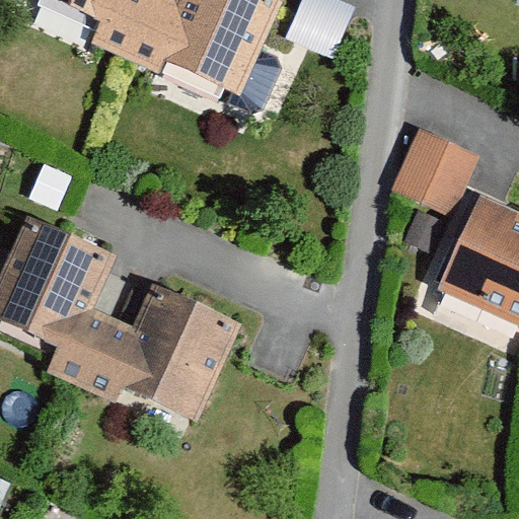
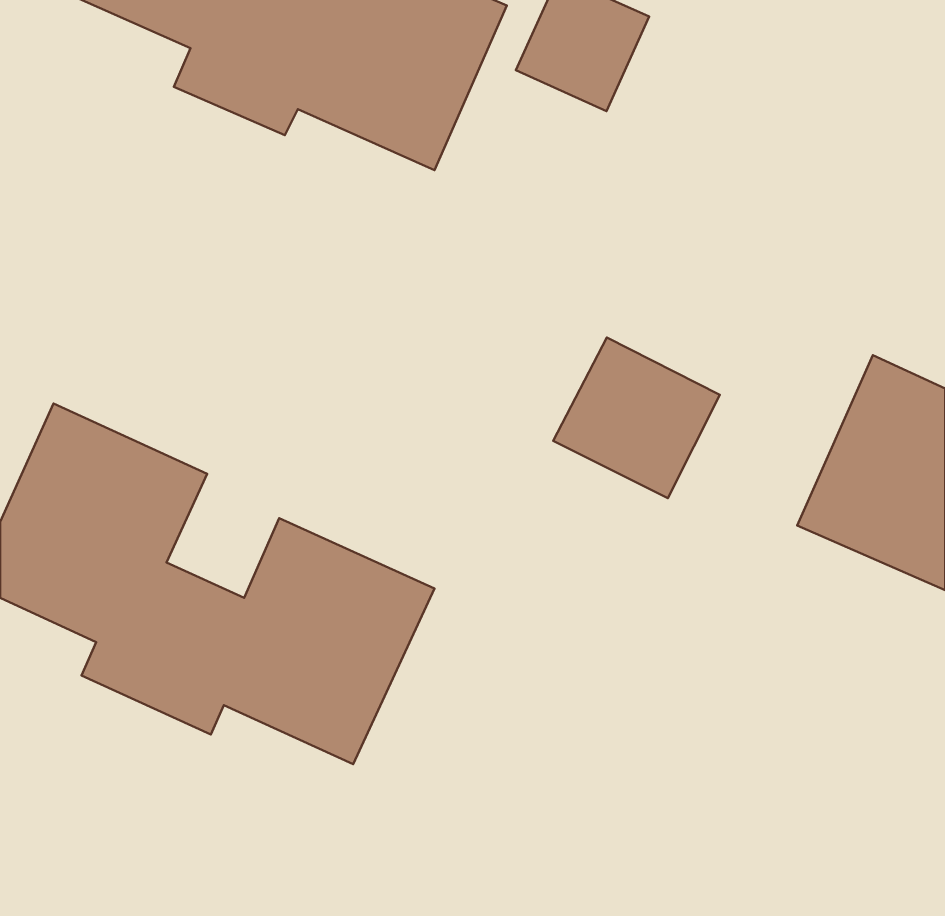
building: [388,128,479,216] -> [553,337,720,498]

